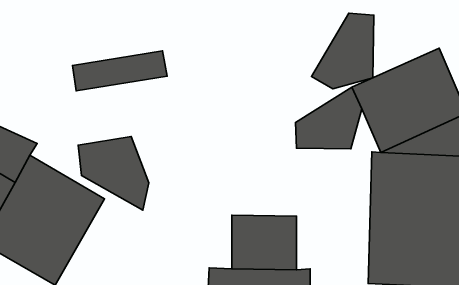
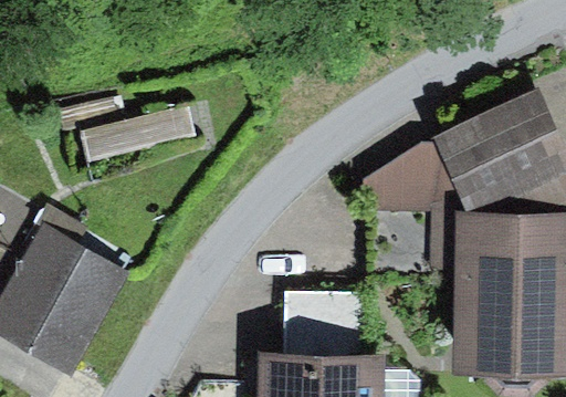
building: [312,13,374,89] -> none
building: [78,137,149,210] -> none

